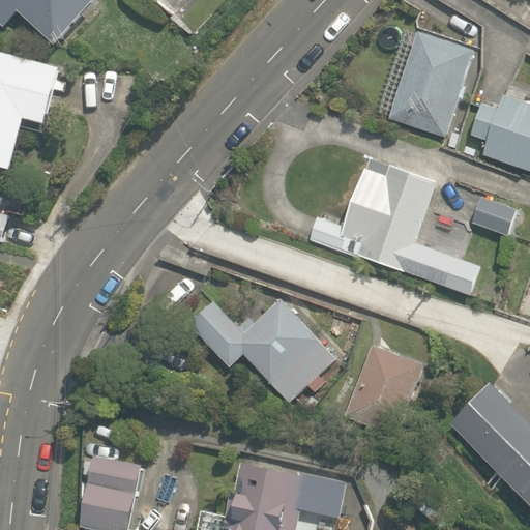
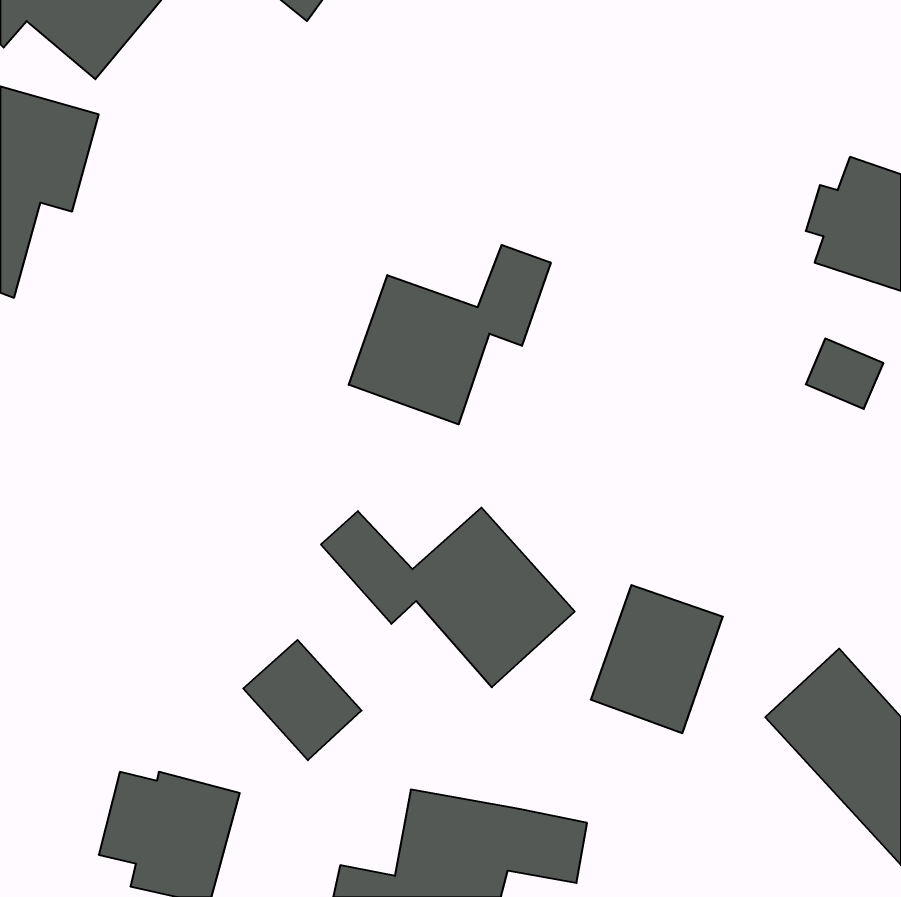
building: [381,29,475,136] -> none
building: none -> [349,245,551,424]
building: [307,156,483,297] -> none
building: none -> [243,640,362,760]

